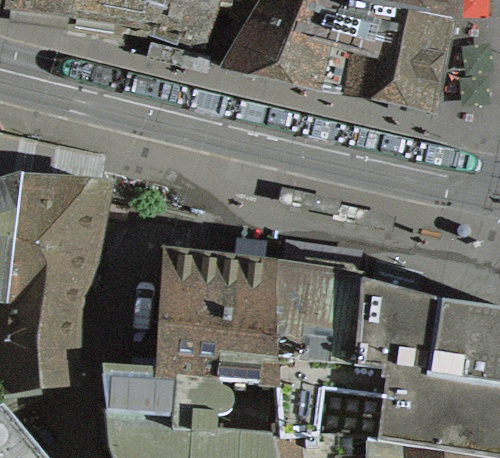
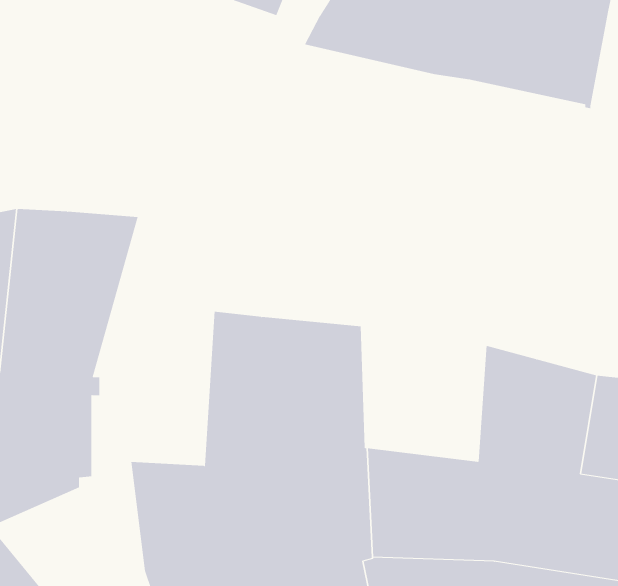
building: [268,267,359,366] -> none

